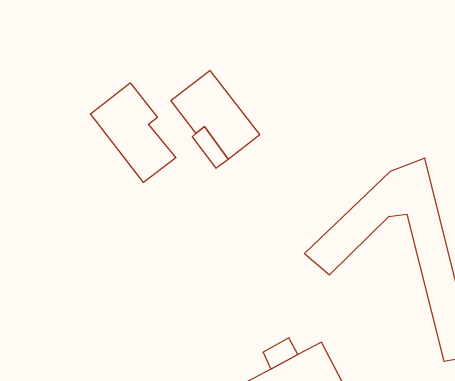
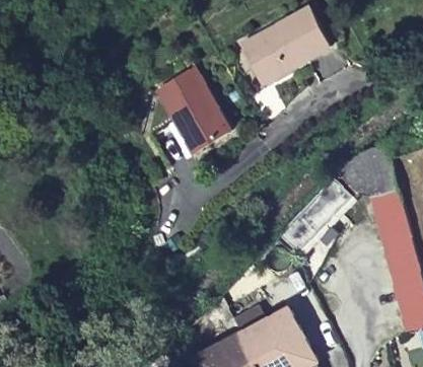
building: none -> [243,11,332,75]
building: [90,83,176,182] -> none

